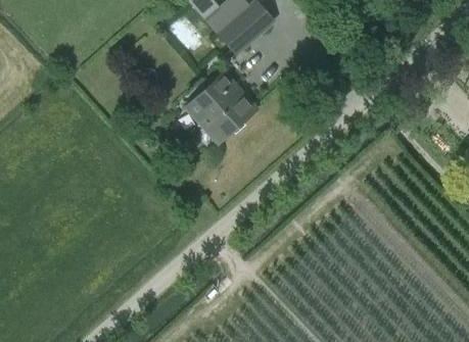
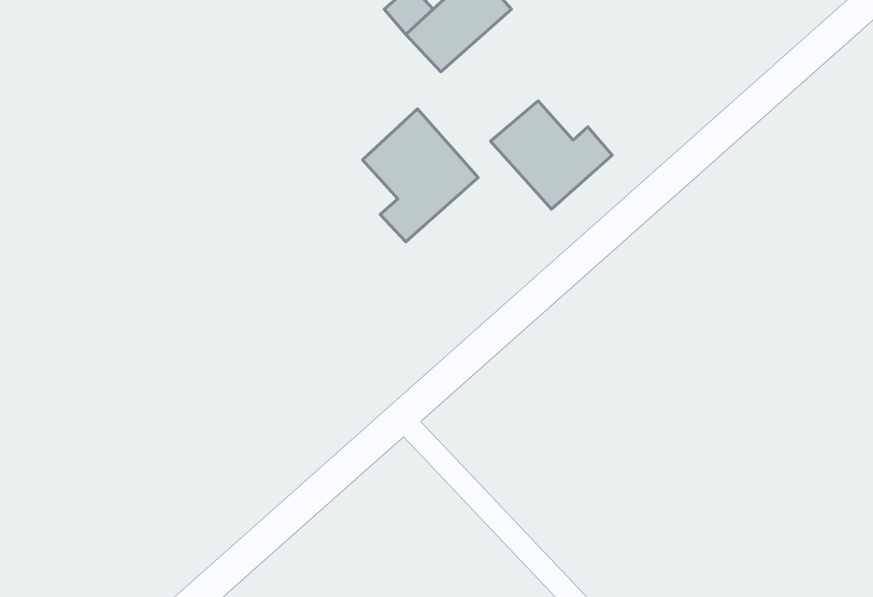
building: none -> [491,101,612,209]

